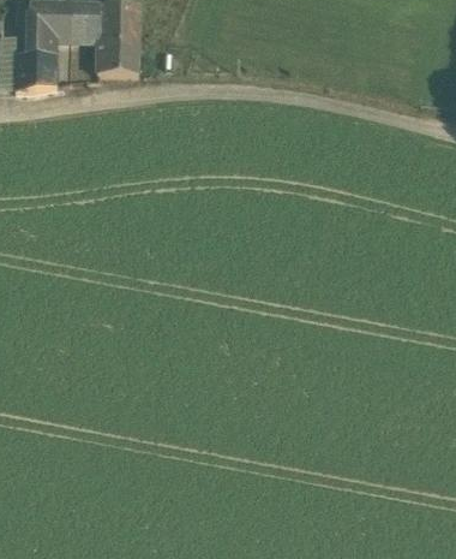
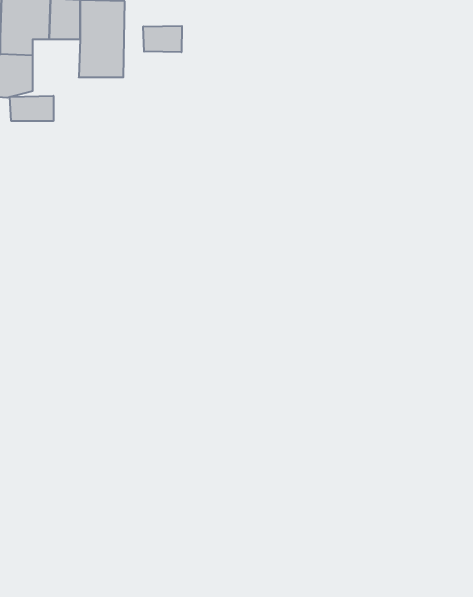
building: none -> [143,26,182,52]
building: none -> [10,96,53,121]

